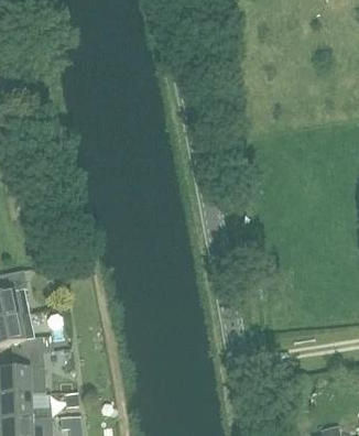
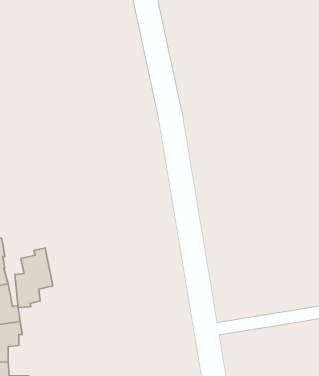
building: none -> [15,248,53,307]

